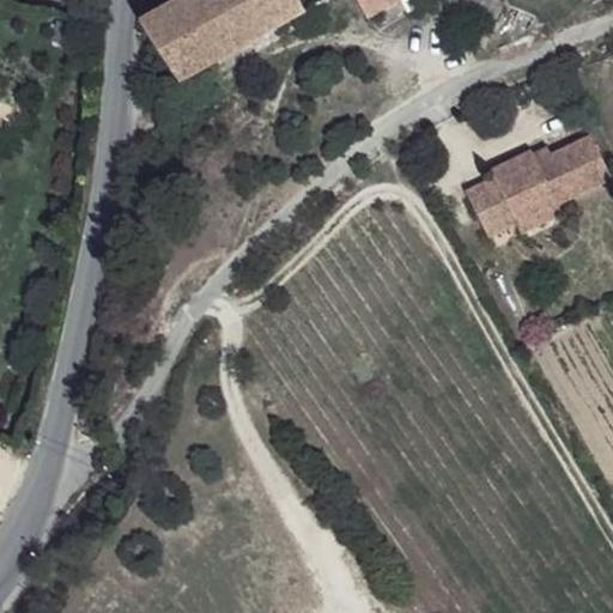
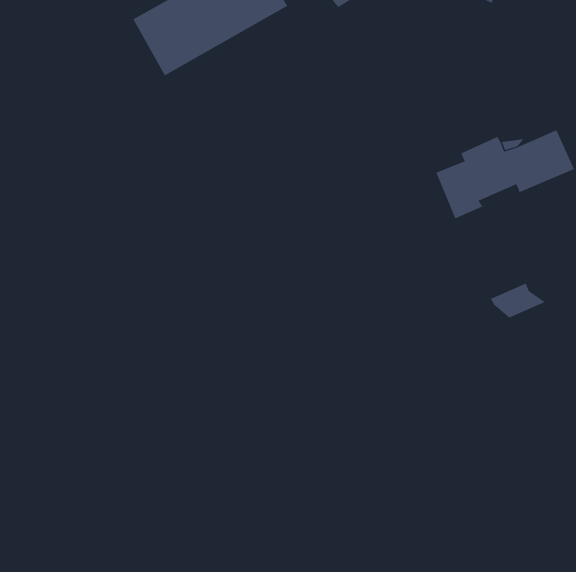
building: [510,195,569,232] -> [490,283,545,318]

